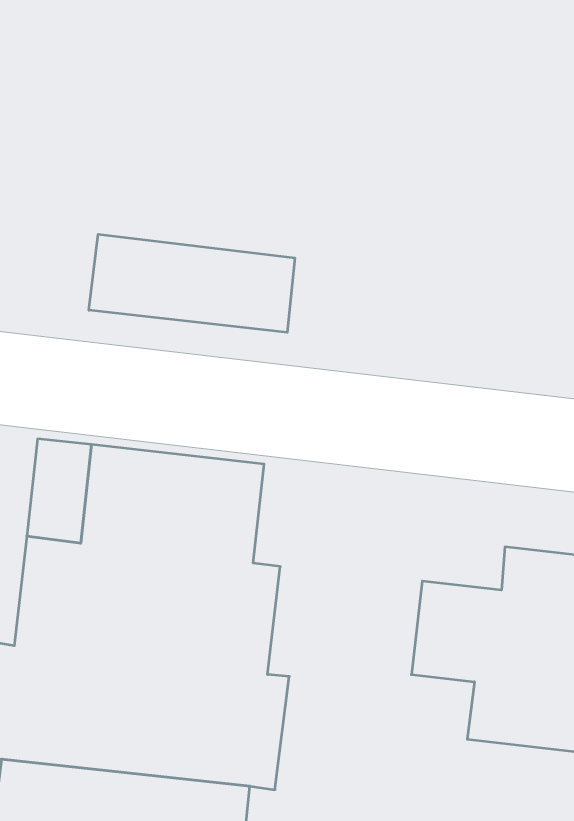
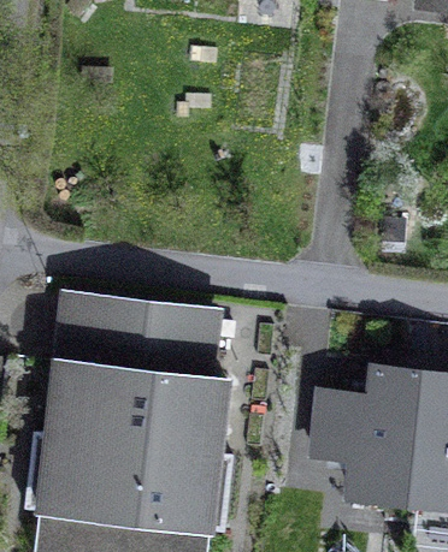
building: [89,234,295,332] -> none

